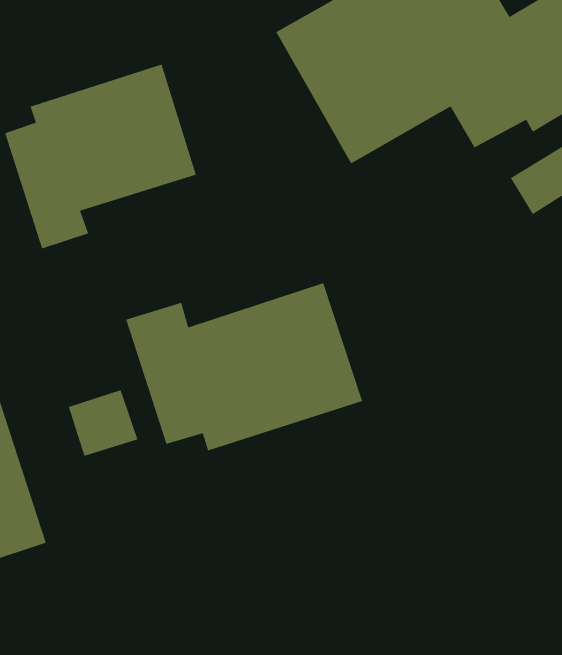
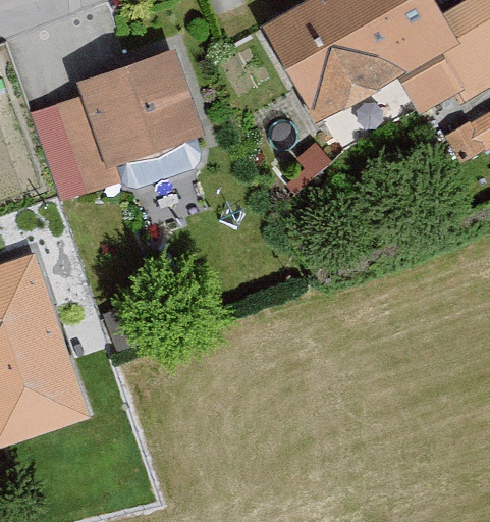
building: [125,282,363,451] -> none

